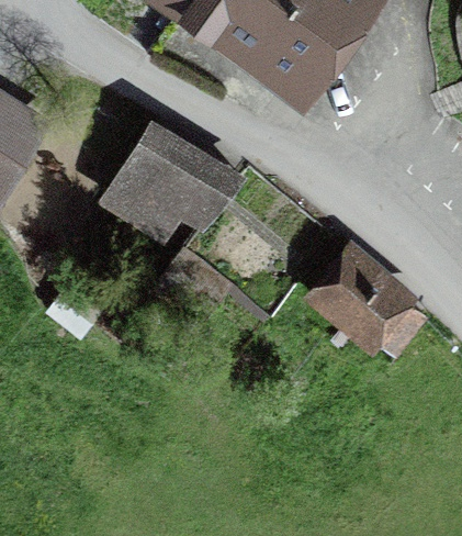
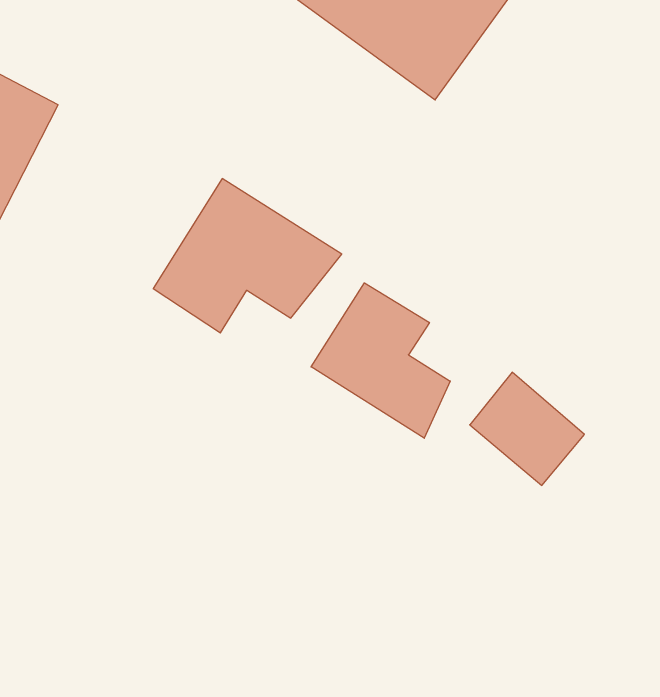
building: none -> [311,283,450,438]

